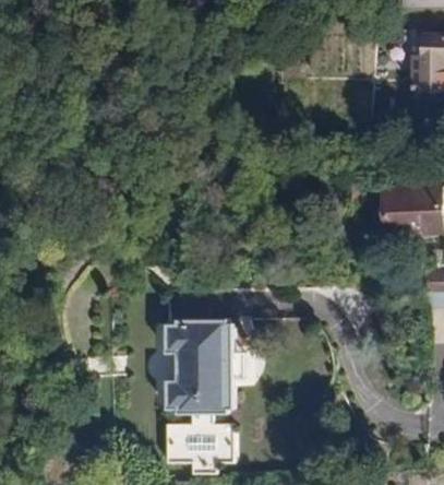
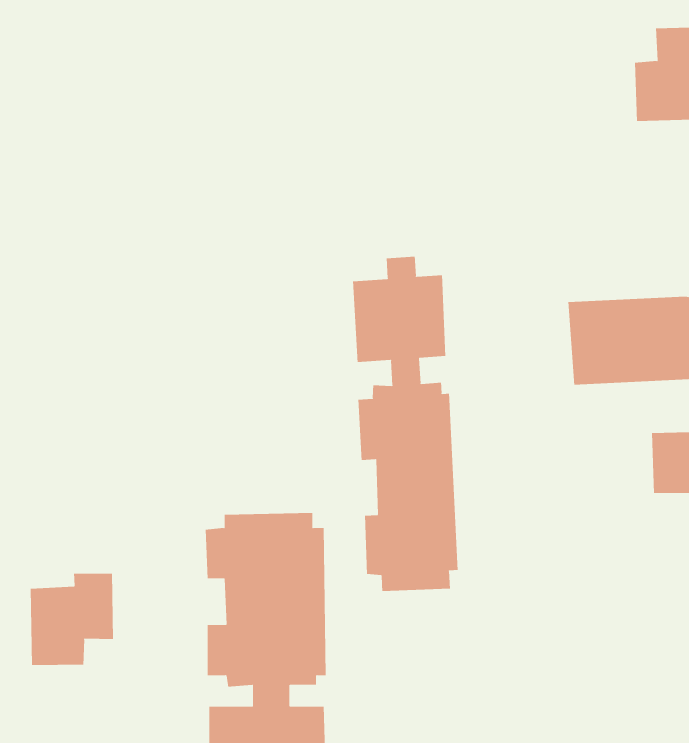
building: none -> [352,256,458,592]
building: none -> [30,573,113,666]

